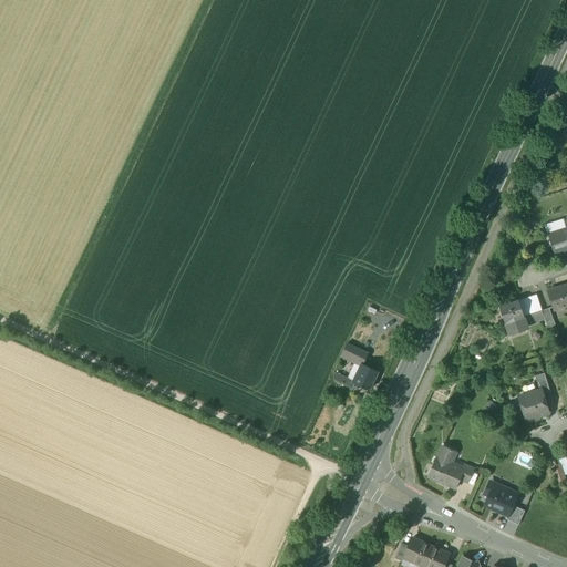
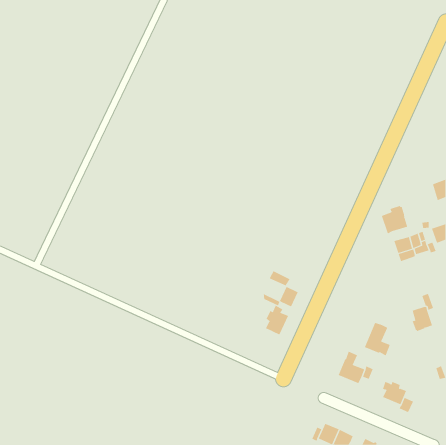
building: none -> [381,205,408,234]
building: none -> [265,305,289,336]
building: none -> [364,322,391,356]

